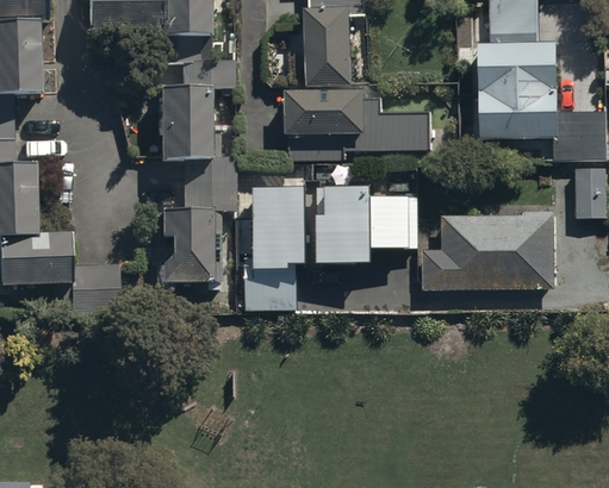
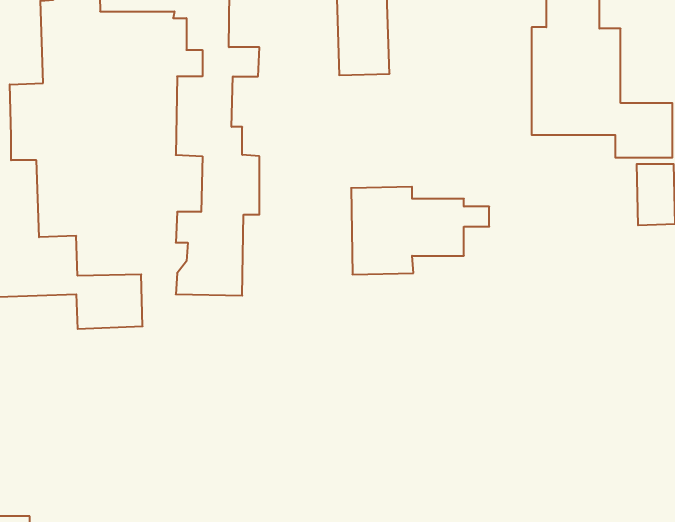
building: [285,87,425,161] -> none
building: [246,187,304,308] -> none
building: [421,213,553,292] -> none

